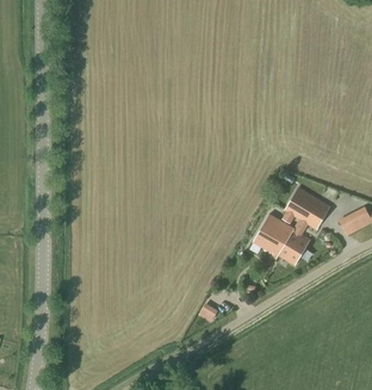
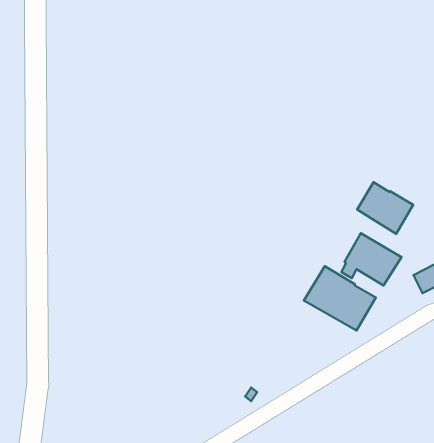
building: none -> [357,182,413,234]

